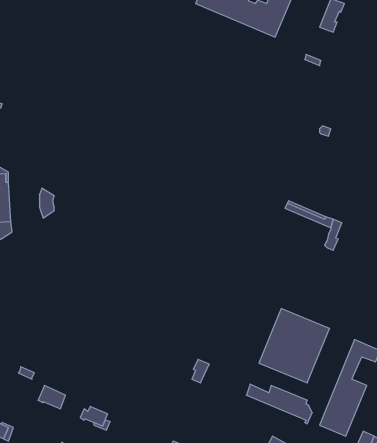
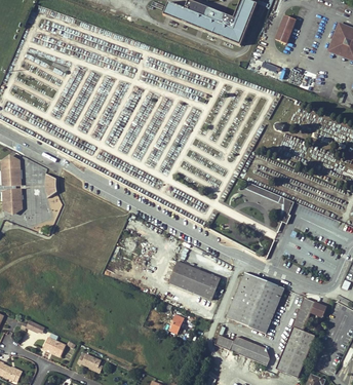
building: none -> [169,261,221,300]

